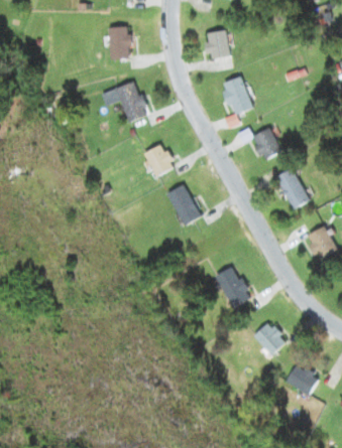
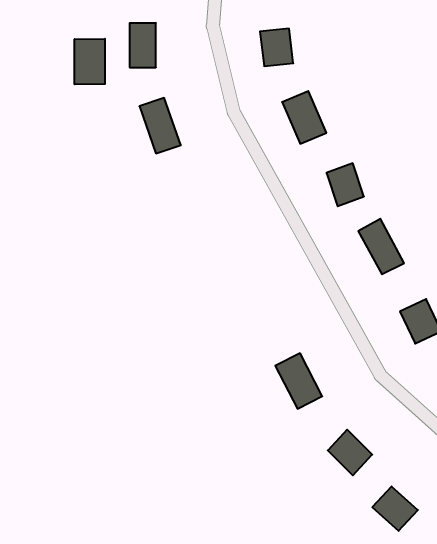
building: none -> [75,39,105,84]
building: [144,144,175,177] -> none
building: [168,186,199,226] -> none

